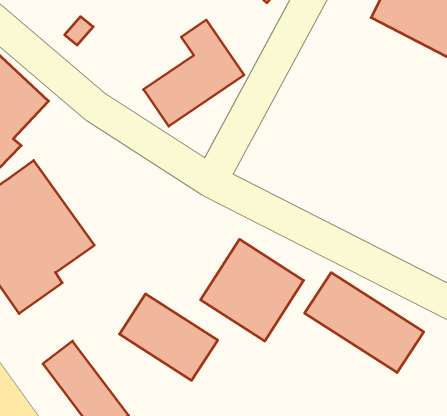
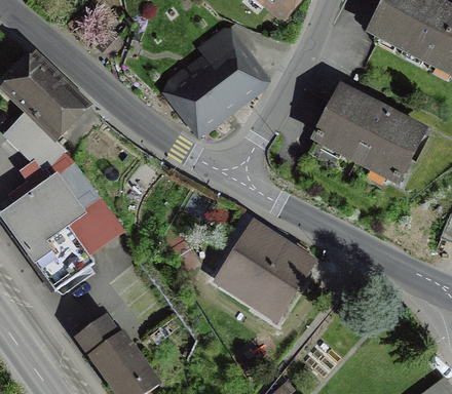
building: none -> [314,89,422,179]
building: [305,273,424,373] -> none
building: [119,294,218,380] -> none

